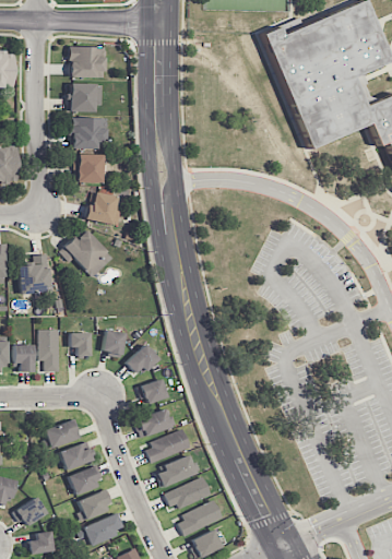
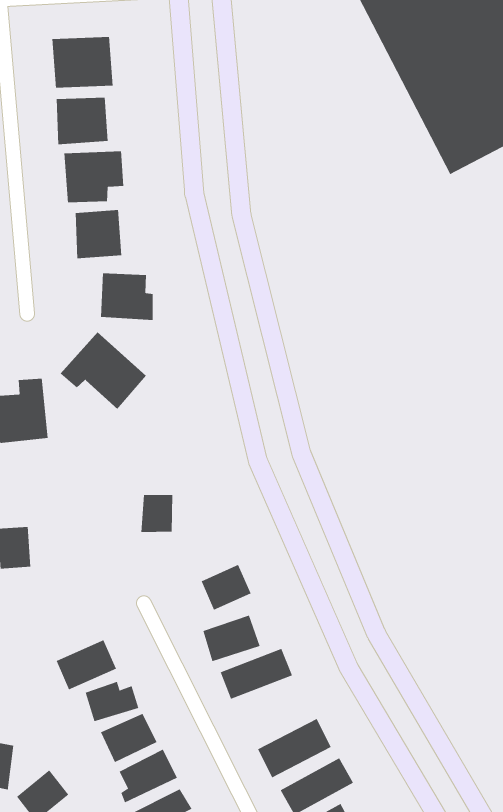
building: [40,329,61,371] -> none
building: [71,332,92,357] -> none
building: [127,344,159,377] -> none
building: [156,456,198,487] -> none

